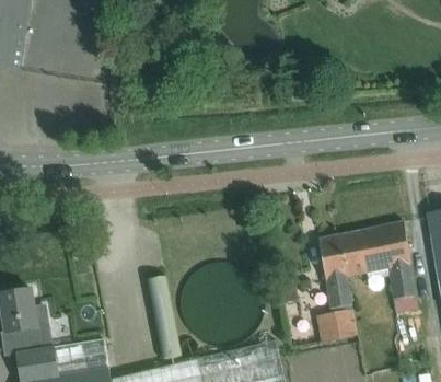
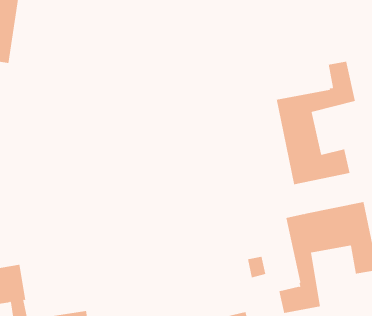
building: none -> [276,61,355,185]

